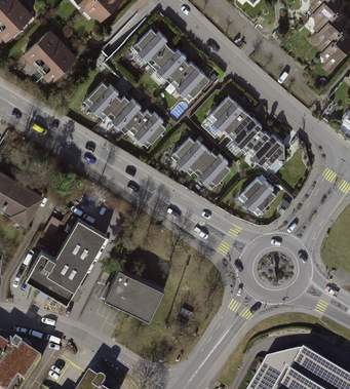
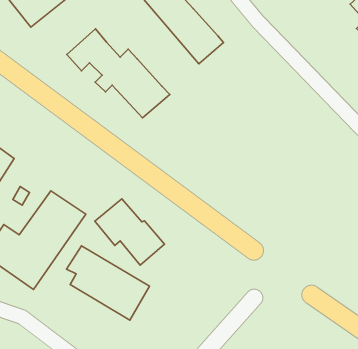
building: [208,95,284,168] -> none
building: [170,134,230,188] -> [95,199,165,265]
building: [238,176,276,213] -> none

